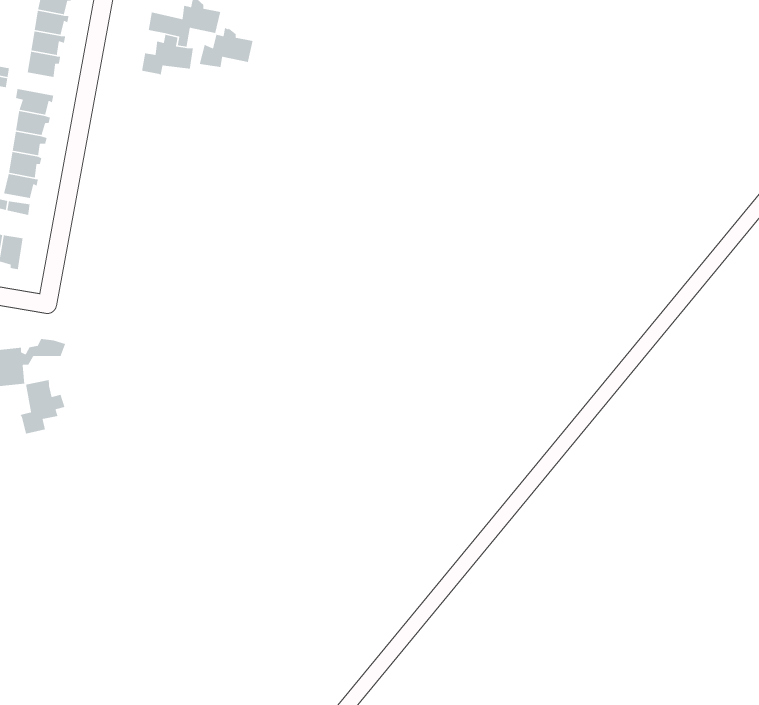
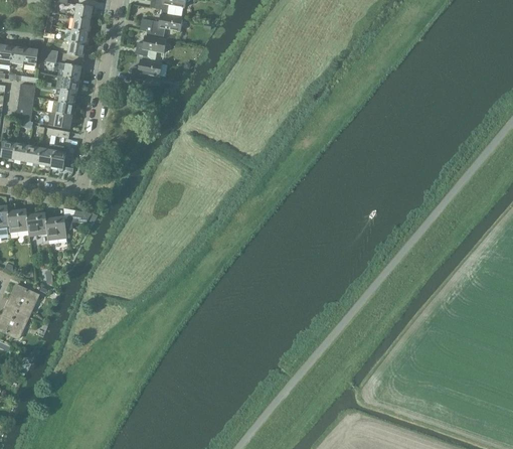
building: [199,27,253,68] -> [130,54,162,79]
building: [19,379,66,435] -> none

